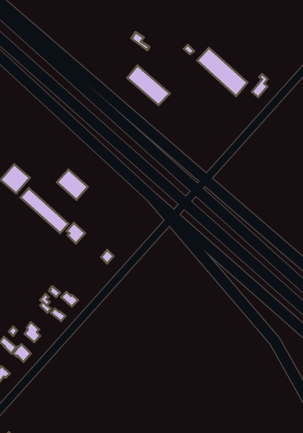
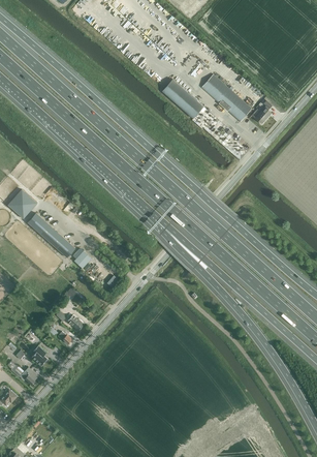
building: [127,65,170,105] -> [162,79,204,118]
building: [57,169,88,200] -> none

